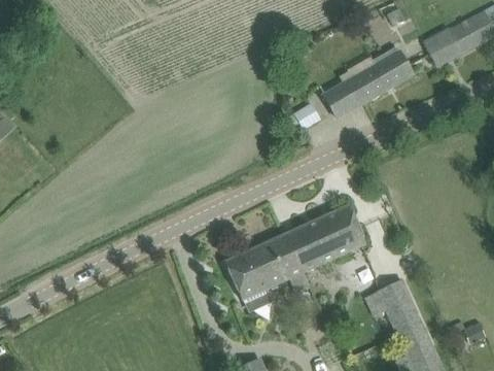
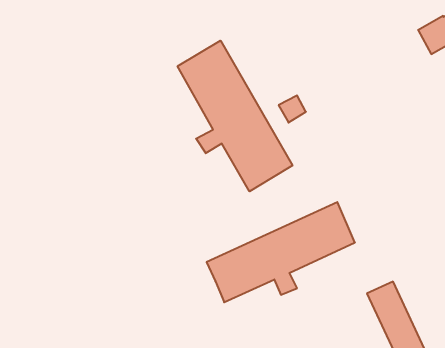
building: [323,45,412,117] -> none
building: none -> [178,41,292,191]

